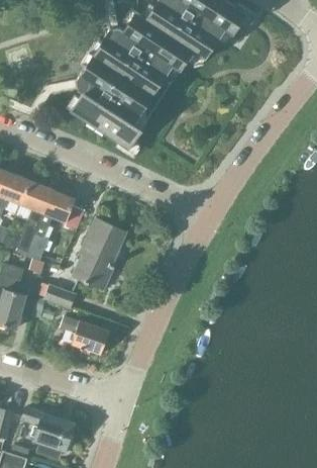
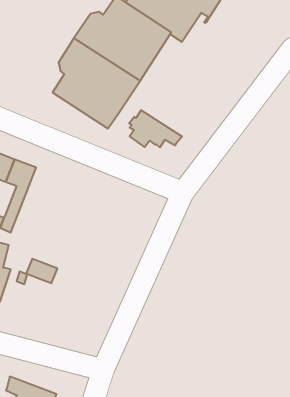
building: none -> [129,110,182,147]
building: [26,189,83,261] -> none
building: [73,218,125,291] -> none
building: [61,314,110,353] -> none

